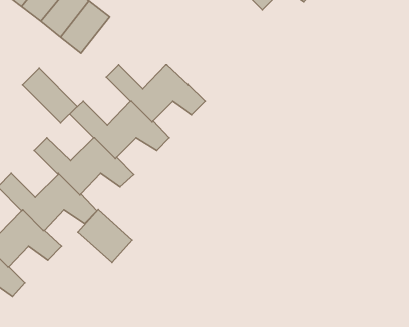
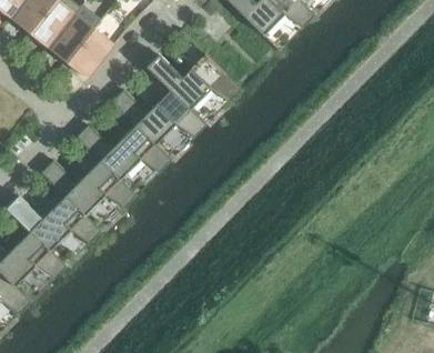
building: none -> [145,52,242,109]
building: [22,68,77,123] -> none
building: [78,210,132,262] -> none

